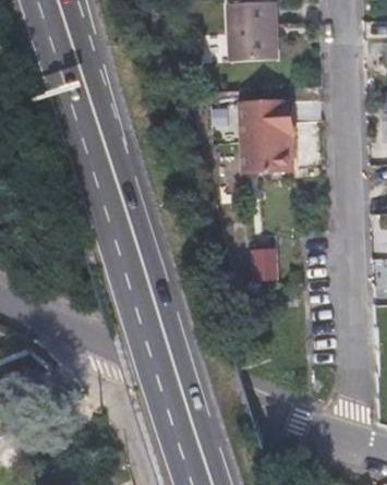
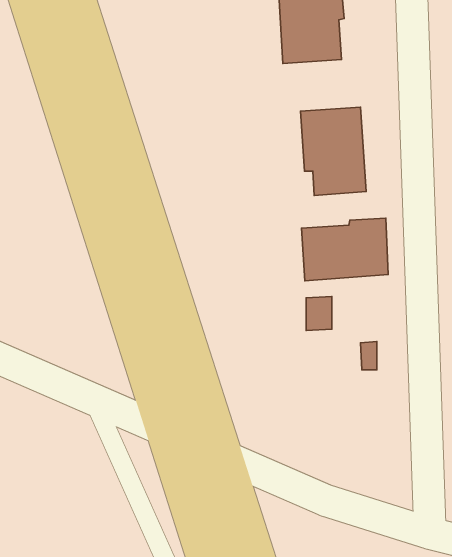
building: none -> [301,218,388,281]

